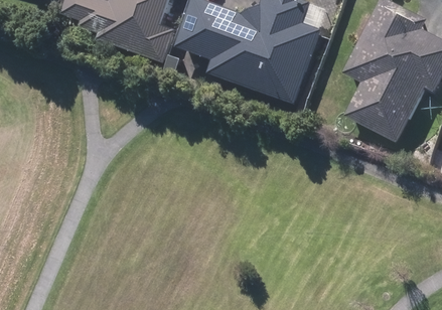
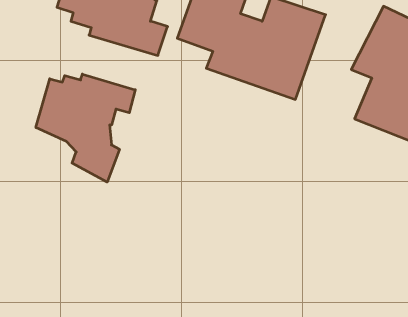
building: none -> [36,74,135,182]

